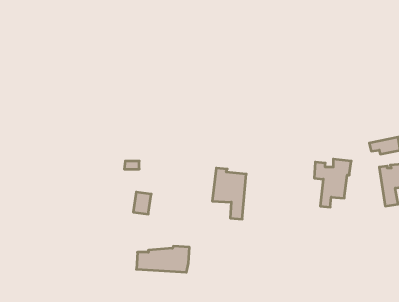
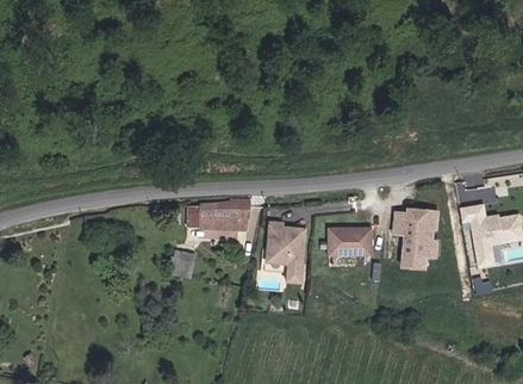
building: none -> [329,228,372,256]
building: [136,246,189,272] -> [188,199,251,230]

